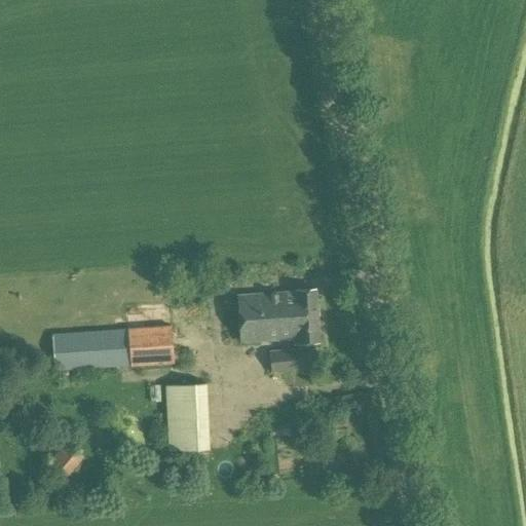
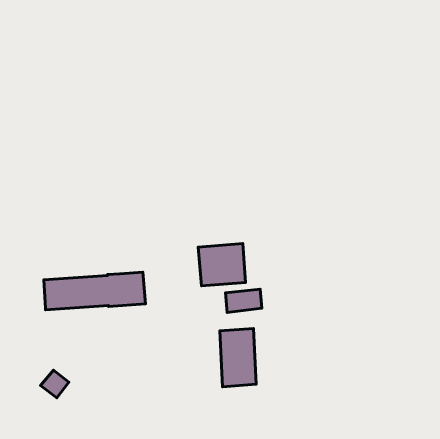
building: [290,289,317,343] -> none
building: [166,383,210,453] -> [220,328,256,387]

